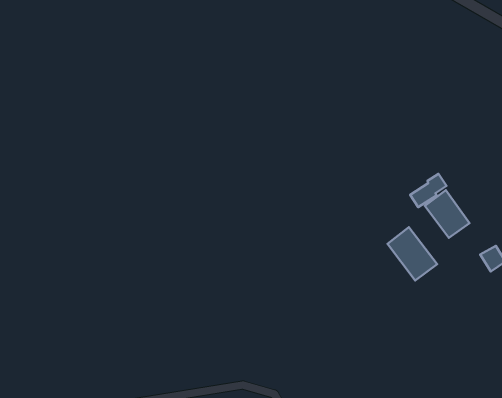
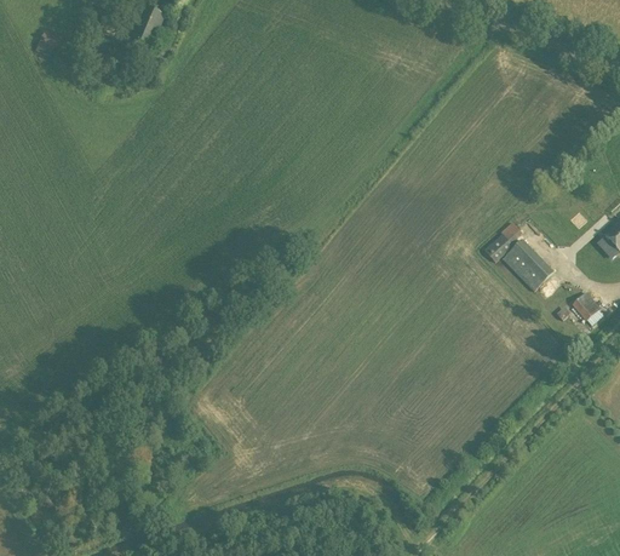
building: [388,227,437,281] -> none

